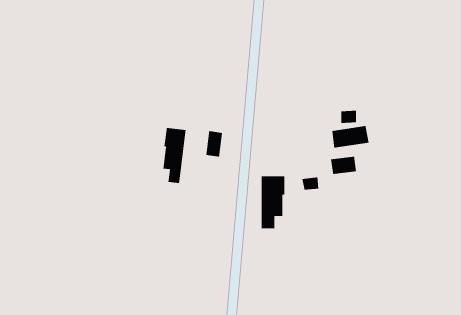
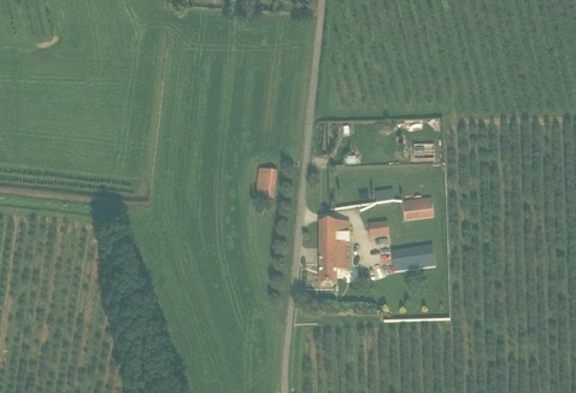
building: [331,126,369,148] -> [390,245,435,271]
building: [163,127,186,184] -> none

